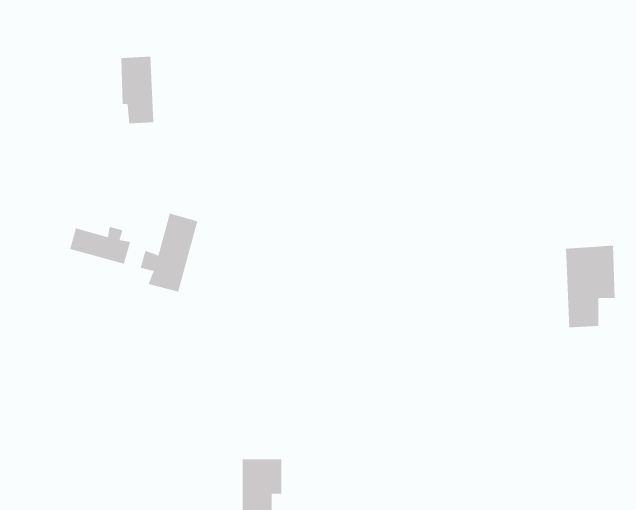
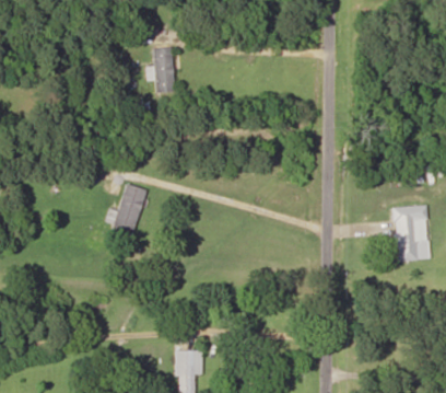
building: [120,56,154,124] -> [151,47,174,93]
building: [69,226,131,264] -> none

